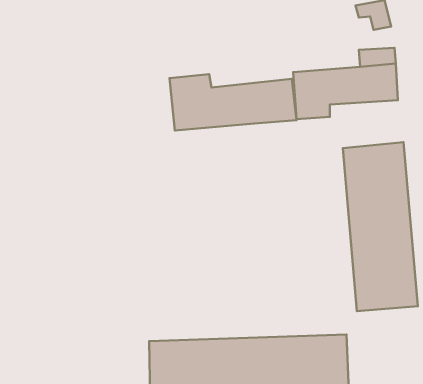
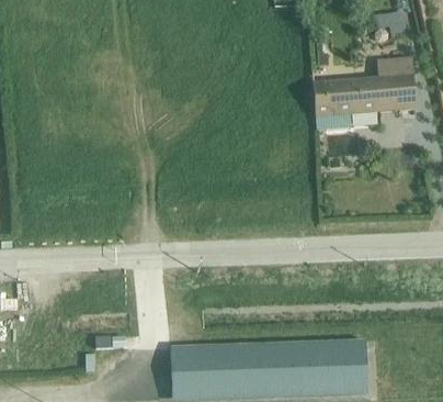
building: [169,74,297,131] -> none
building: [343,142,418,311] -> none

